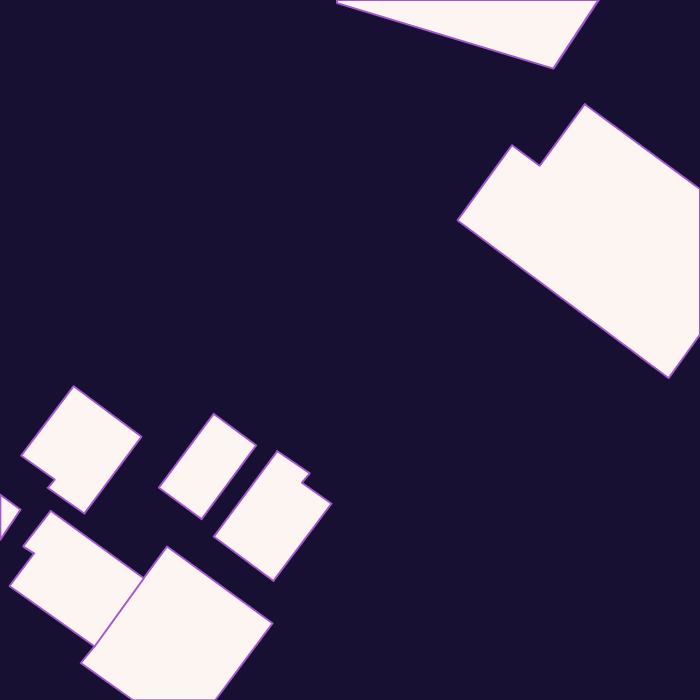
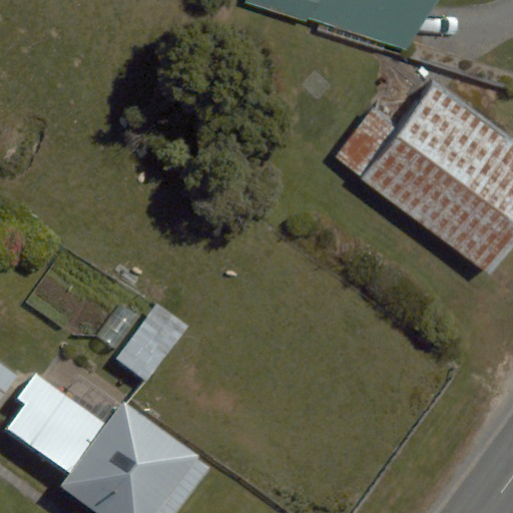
building: [21,386,141,514] -> none
building: [214,451,332,581] -> none

